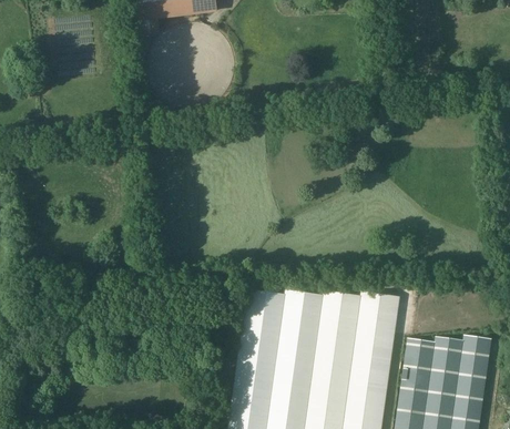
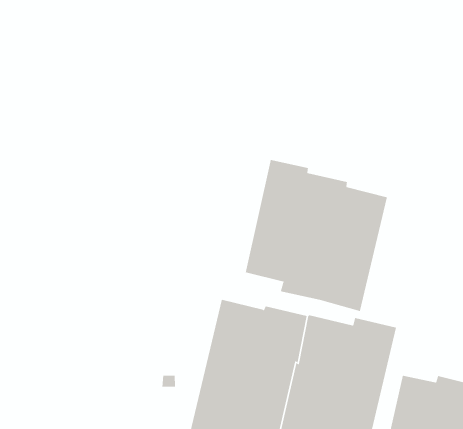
building: none -> [245,159,388,312]

